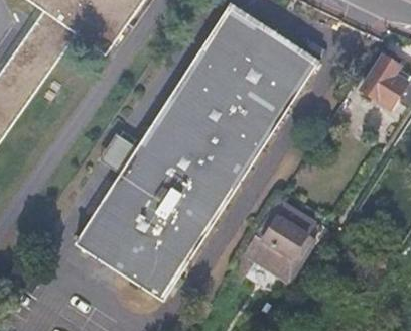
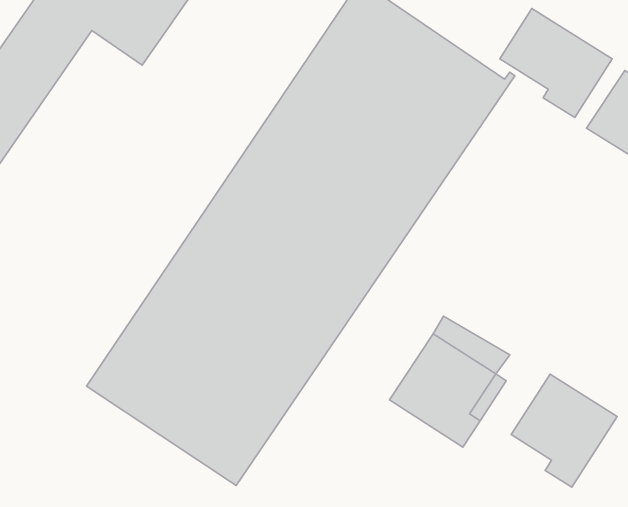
building: none -> [500,9,612,118]
building: none -> [511,374,617,487]

